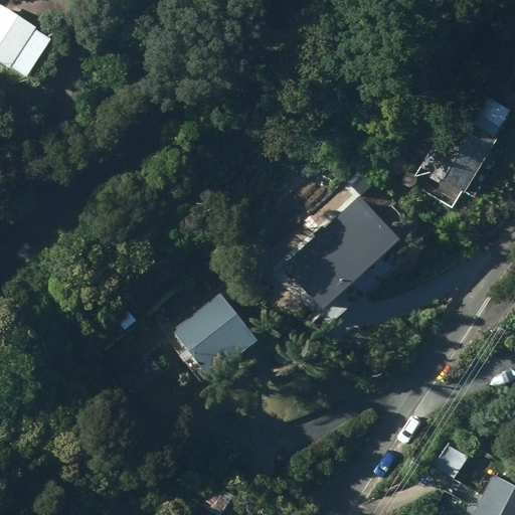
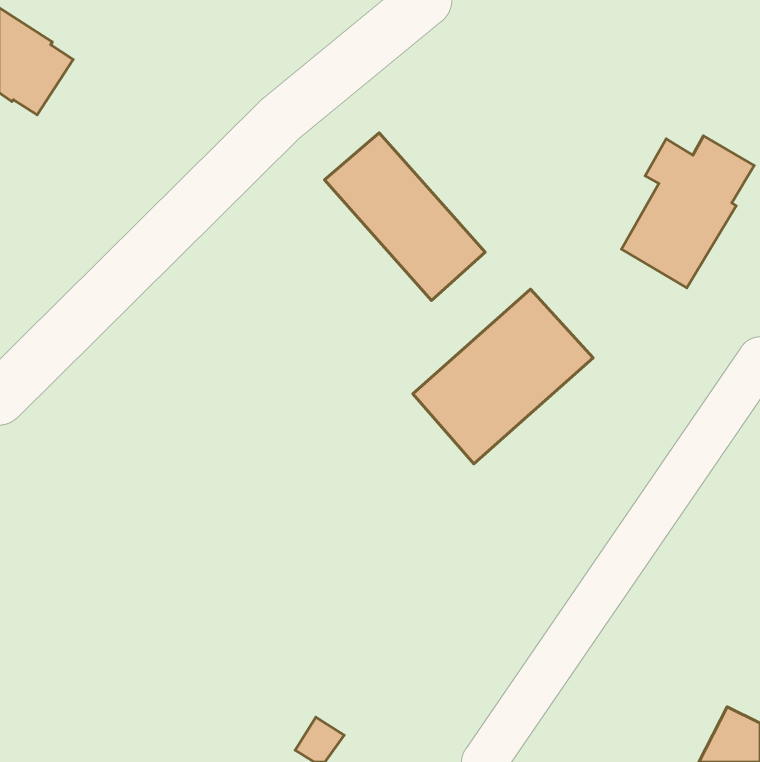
building: none -> [324,133,485,301]
building: [171,294,256,379] -> none

